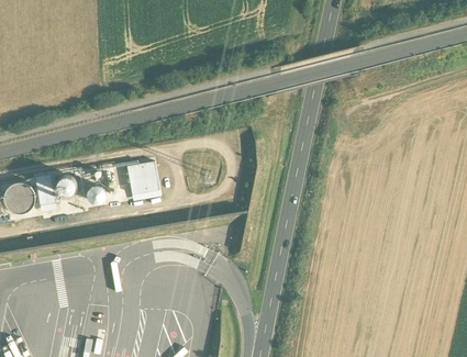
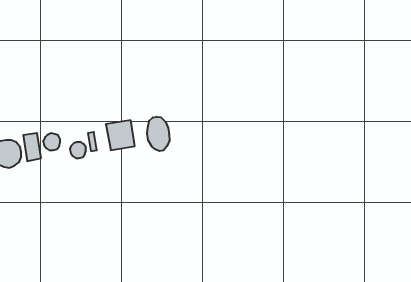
building: none -> [147,117,169,151]

